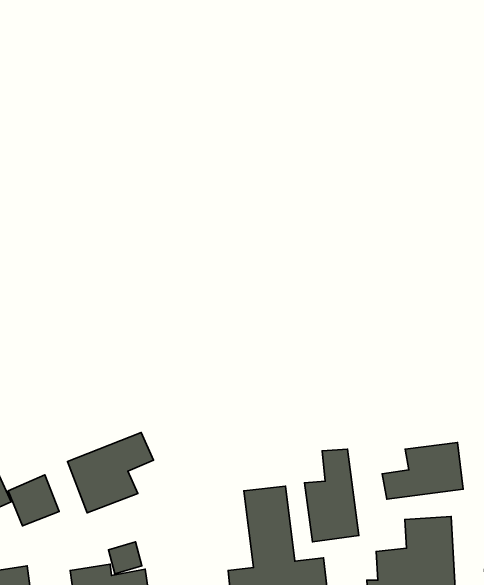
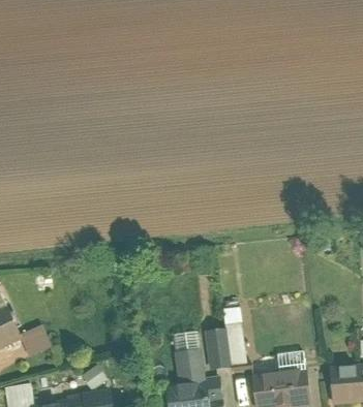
building: [67,433,153,513] -> none
building: [382,443,463,499] -> none

